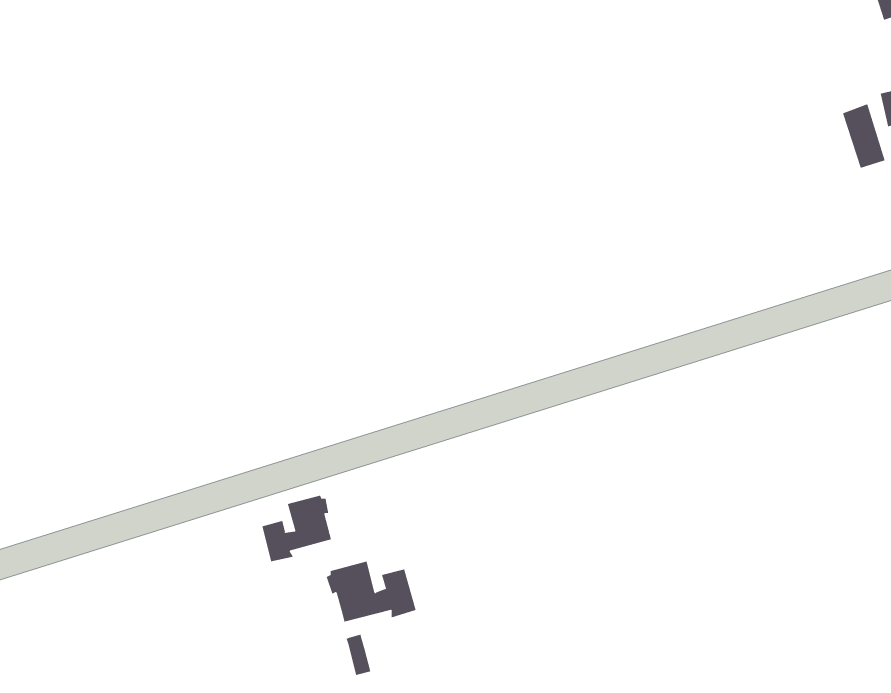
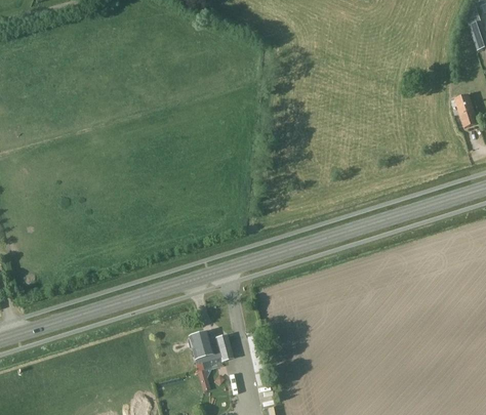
building: [262,495,332,562] -> none

